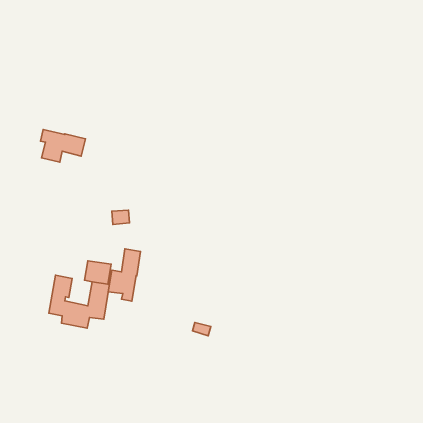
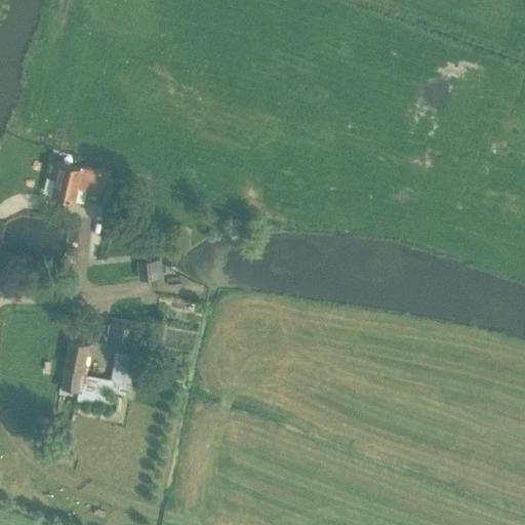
building: [108,249,141,301] -> none

